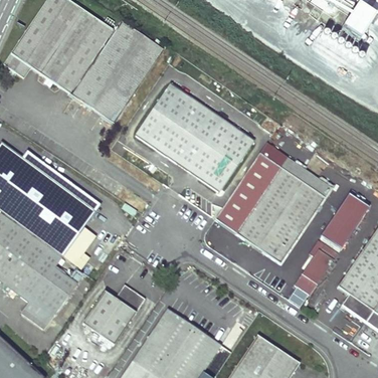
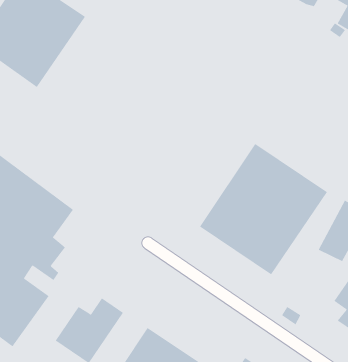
building: [70,19,164,123] -> none
building: [136,82,254,191] -> none
building: [294,245,337,295] -> none

